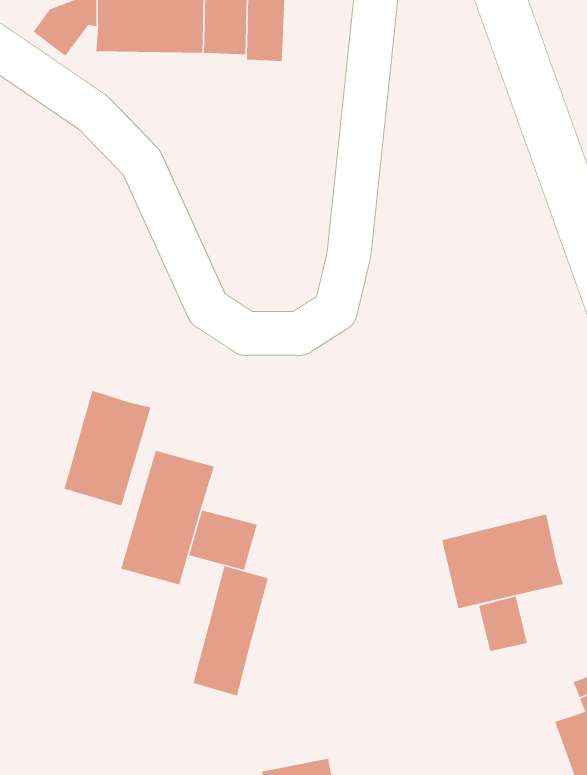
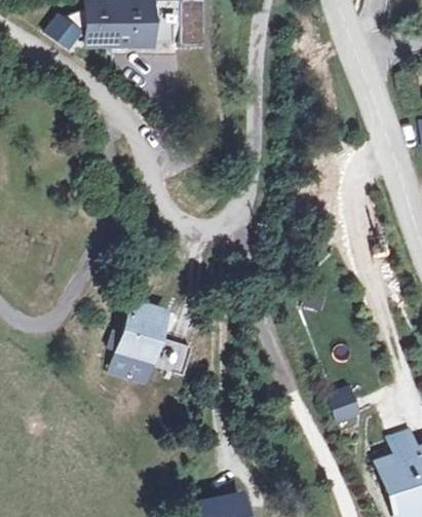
building: [63,390,152,506] -> none
building: [441,513,564,609] -> none
building: [192,565,269,696] -> none

